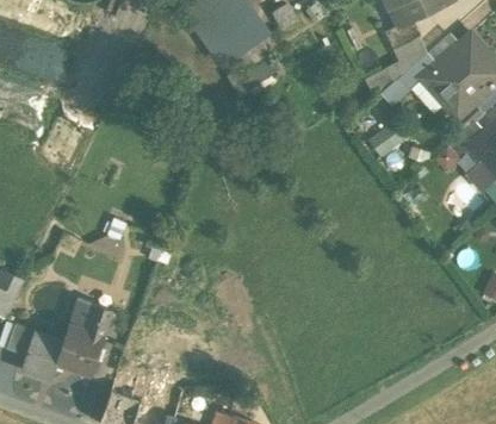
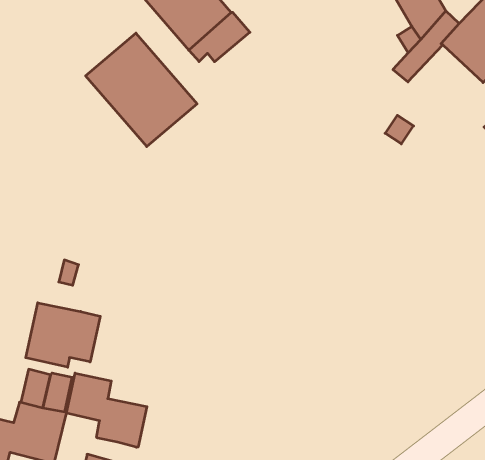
building: none -> [86,33,197,147]
building: none -> [26,303,100,367]
building: none -> [66,373,147,447]

